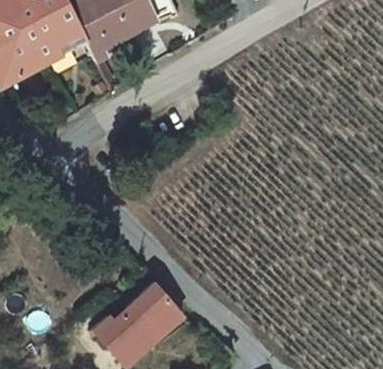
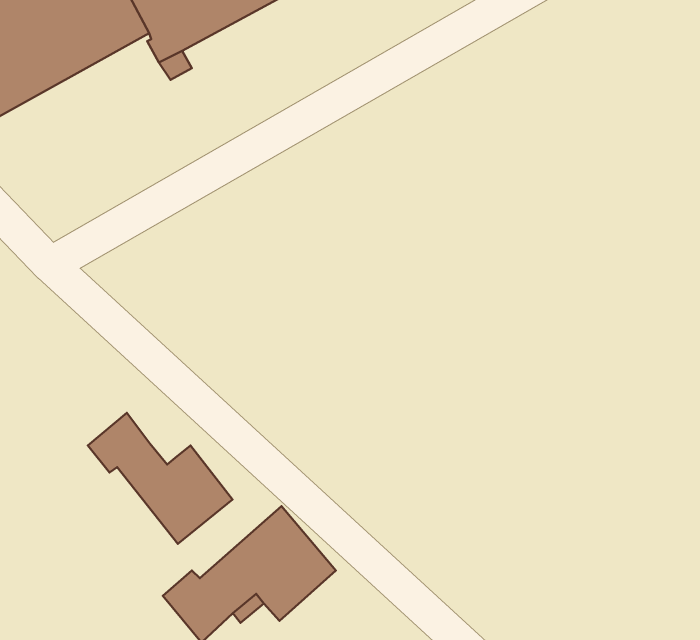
building: none -> [88,413,232,544]

